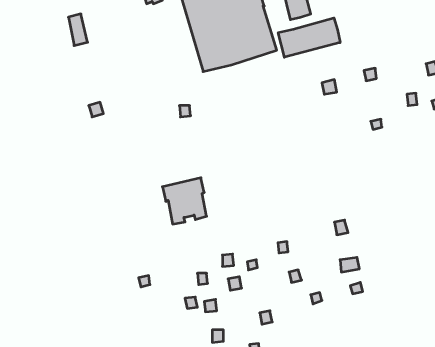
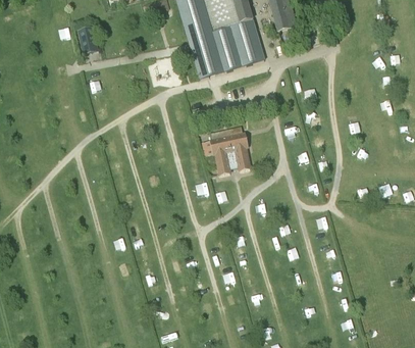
building: [278,18,340,57] -> none
building: [162,178,207,224] -> [210,131,250,172]

